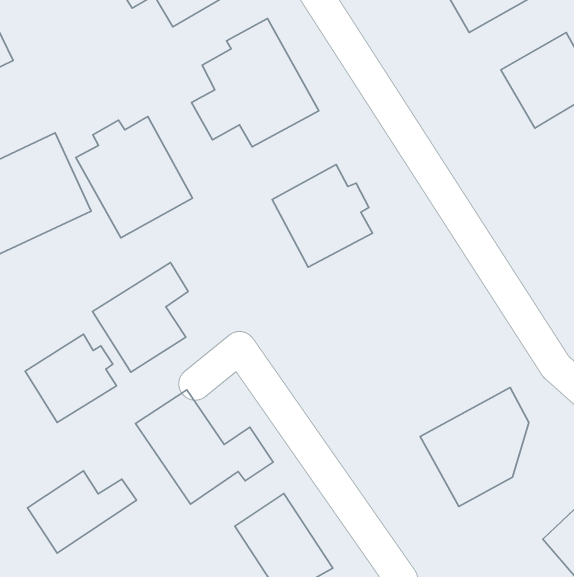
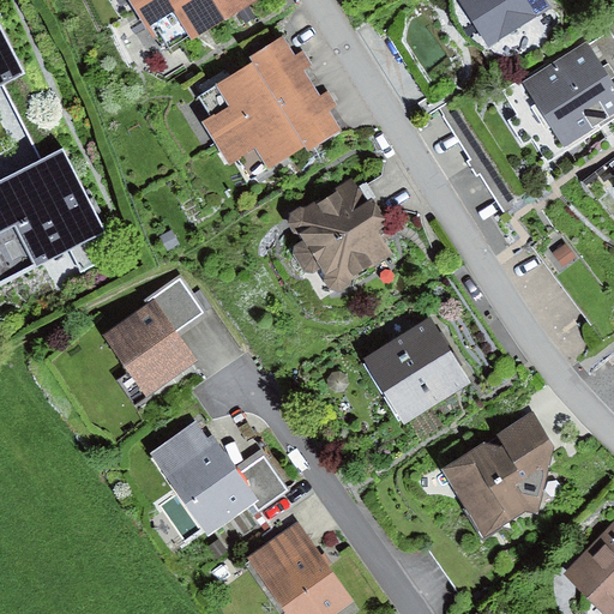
building: [76,117,193,238] -> none
building: none -> [365,321,464,417]
building: [25,334,117,423] -> none
building: [27,471,137,553] -> none

